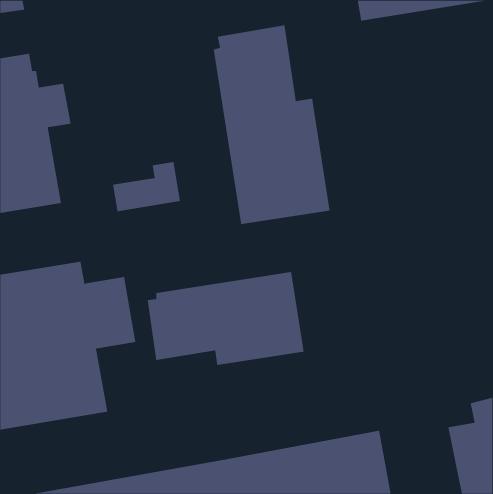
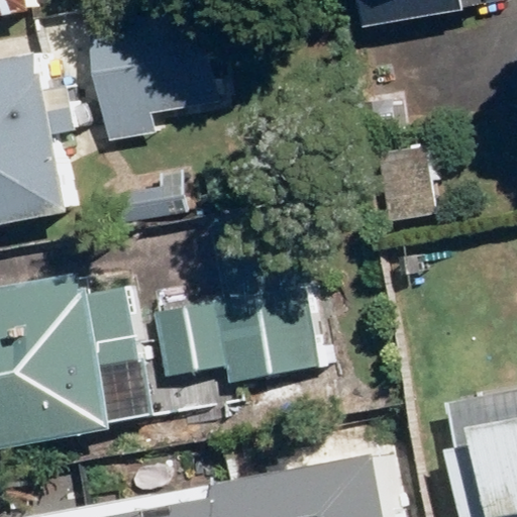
building: none -> [89,13,228,141]
building: [213,25,330,225] -> none

